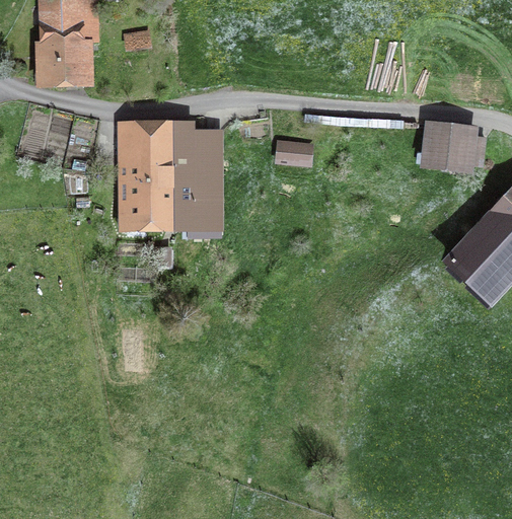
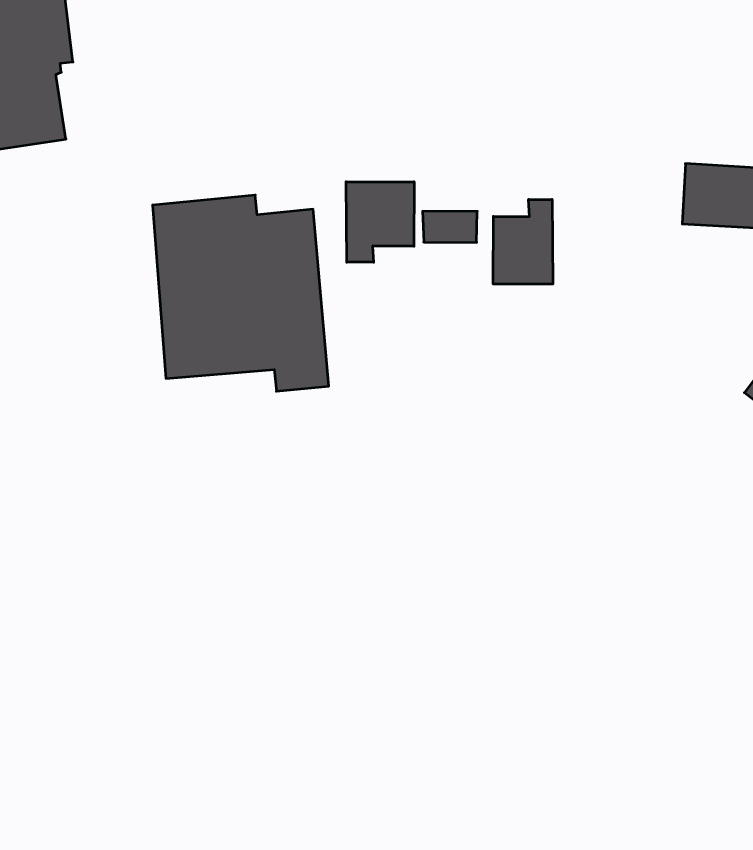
building: none -> [346,182,414,262]
building: none -> [493,199,553,284]

